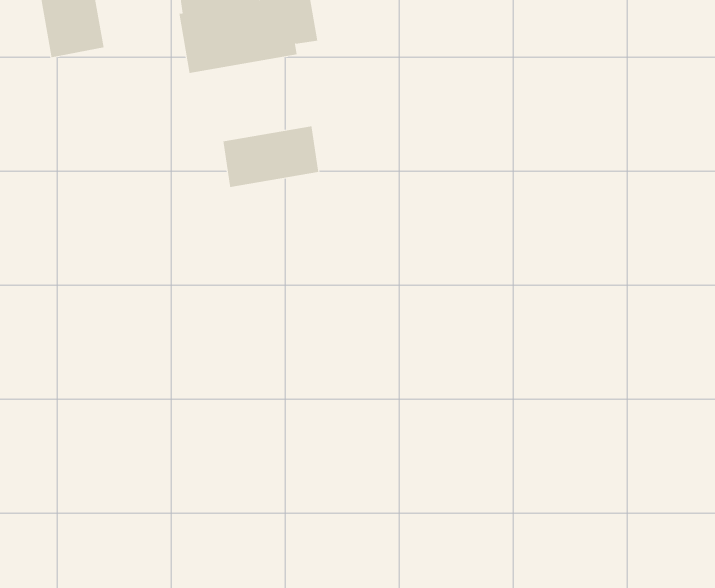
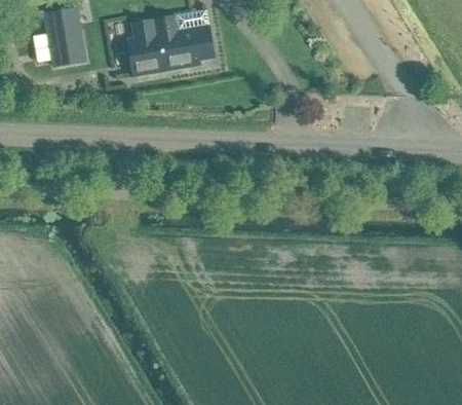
building: [223,126,319,188] -> none

